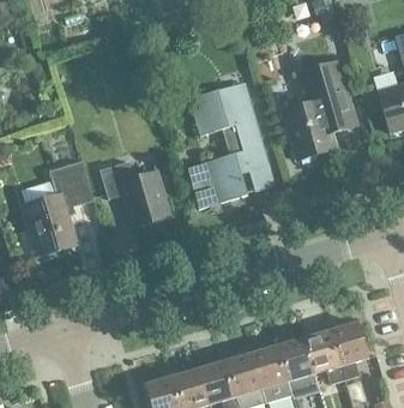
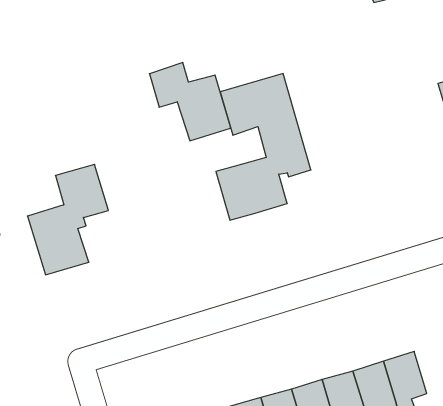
building: [283,61,357,160] -> none
building: [101,161,170,228] -> [149,63,230,141]

